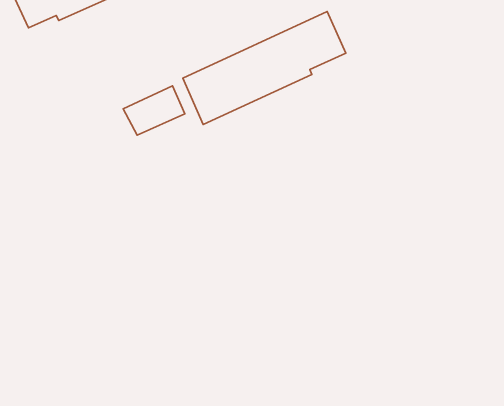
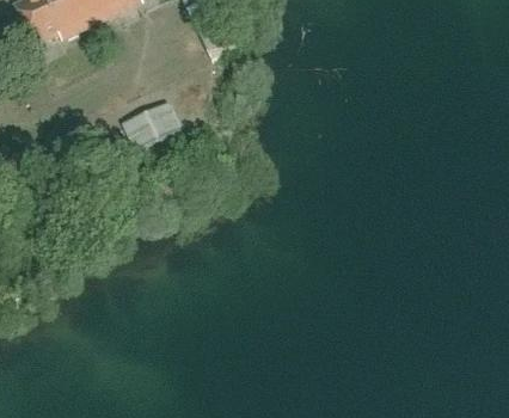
building: [183,12,346,125] -> none

